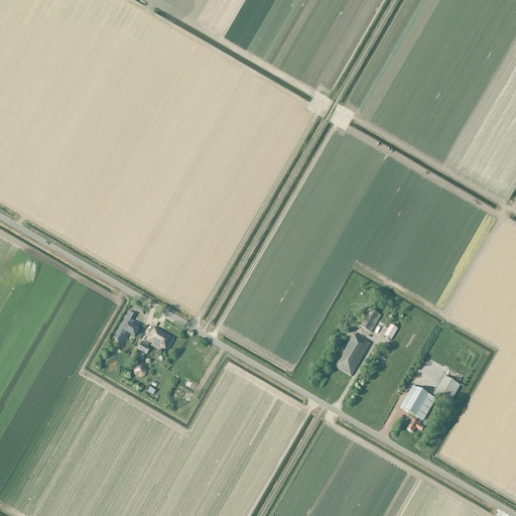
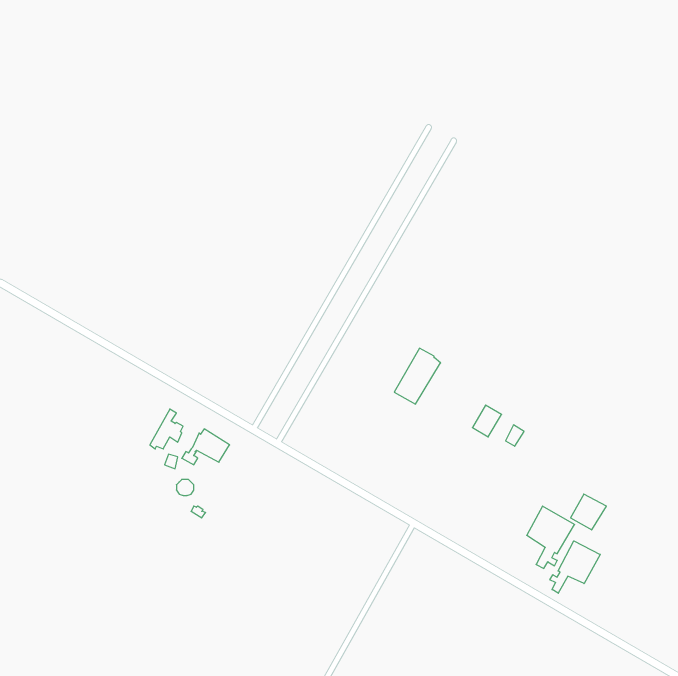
building: [335,333,370,375] -> [394,348,441,404]
building: none -> [550,541,600,593]

